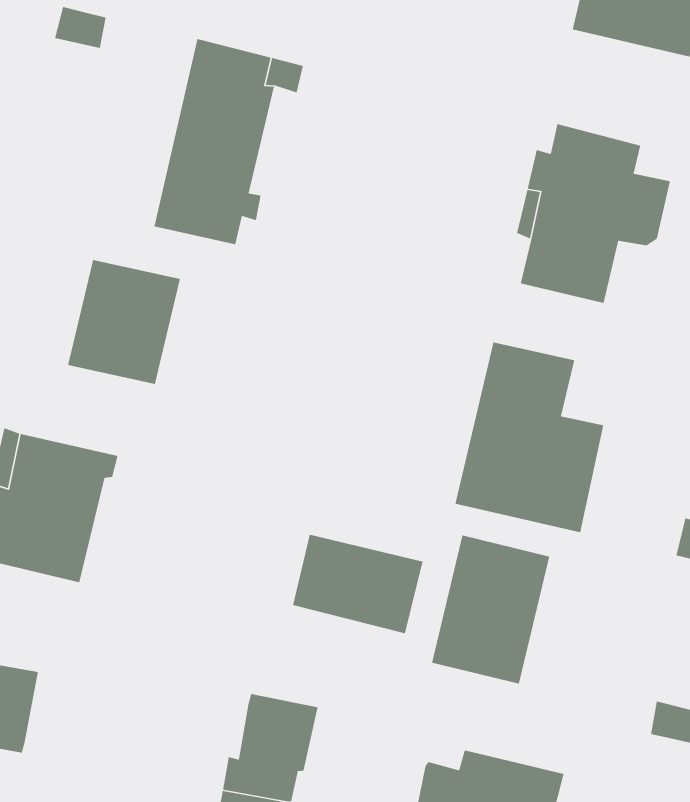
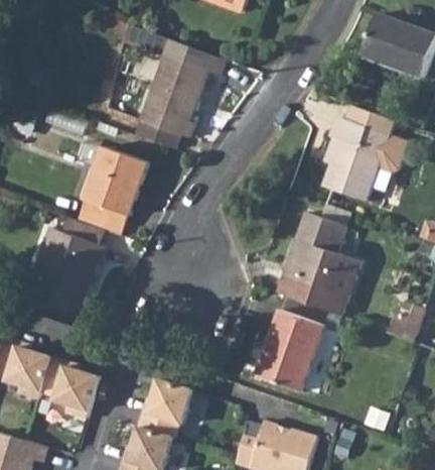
building: none -> [77,201,128,236]
building: [292,534,423,634] -> none
building: none -> [40,357,99,420]

